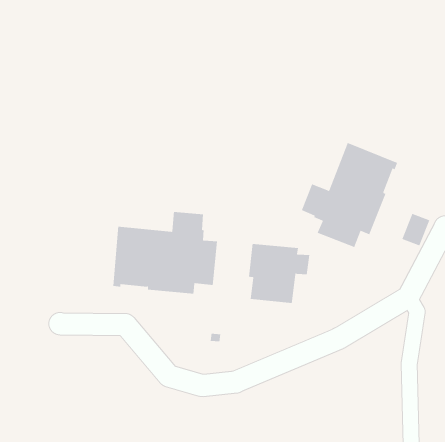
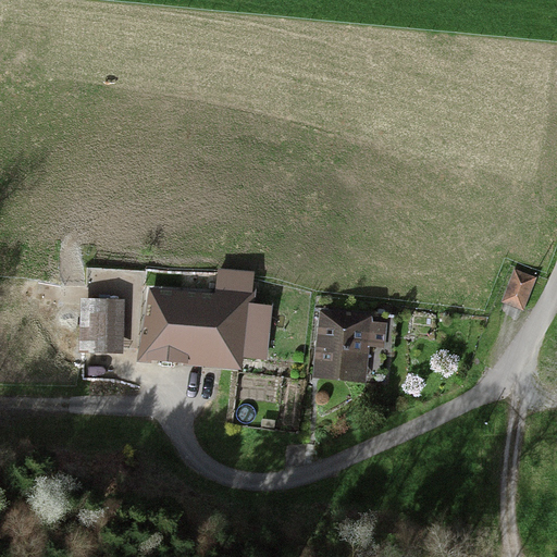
building: [301,142,398,248] -> none
building: none -> [78,297,125,354]

